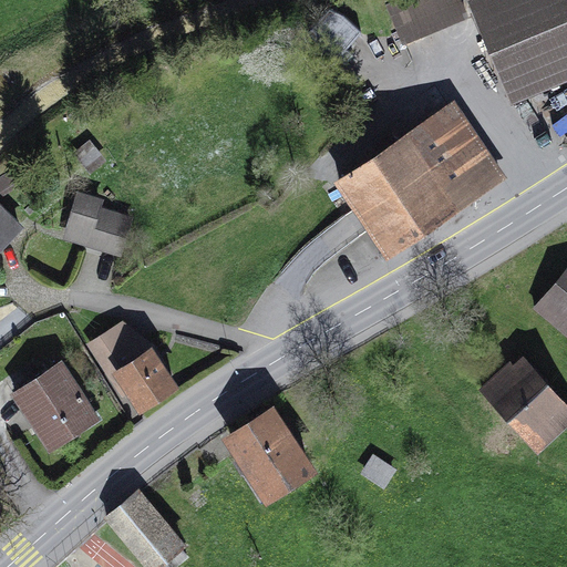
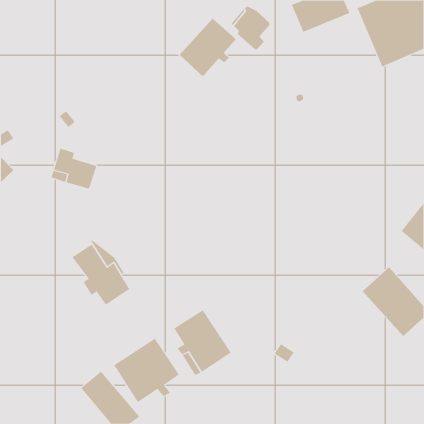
building: none -> [179,18,237,77]
building: [341,107,501,252] -> none
building: [16,364,95,449] -> none
building: none -> [114,338,180,403]

